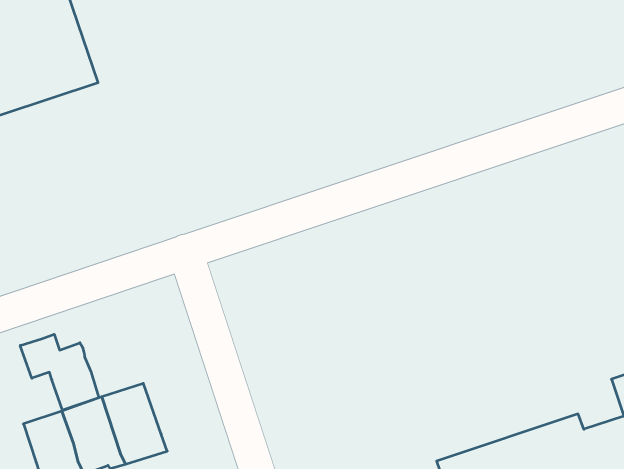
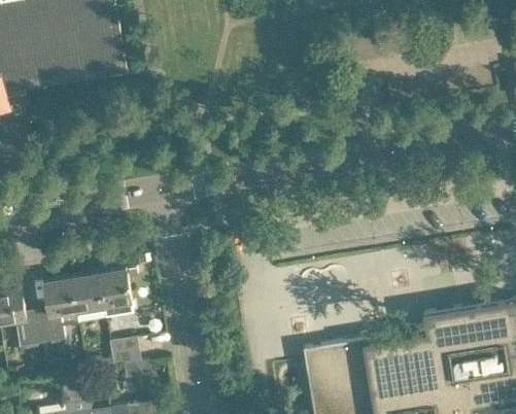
building: [20,334,99,410] -> none

